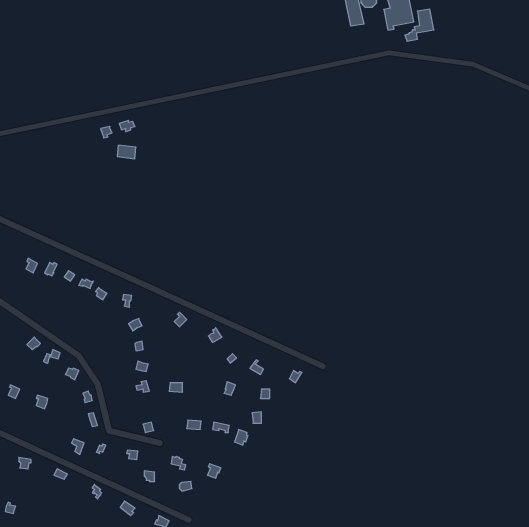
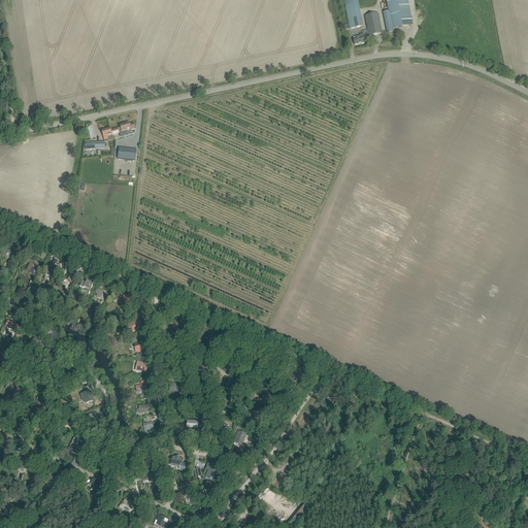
building: [405,9,434,41] -> [352,10,381,42]

